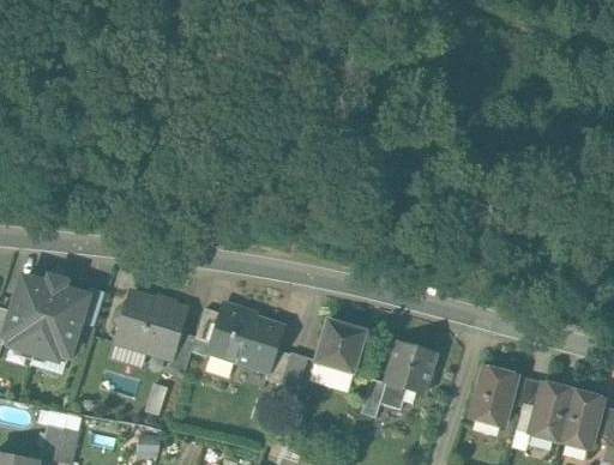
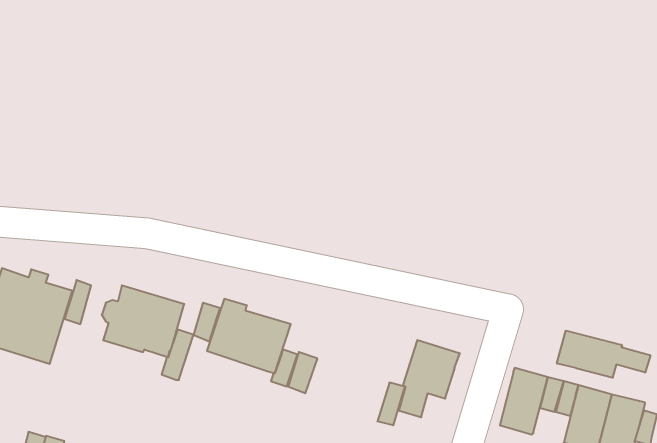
building: [314,320,365,372] -> none
building: none -> [557,331,650,378]

